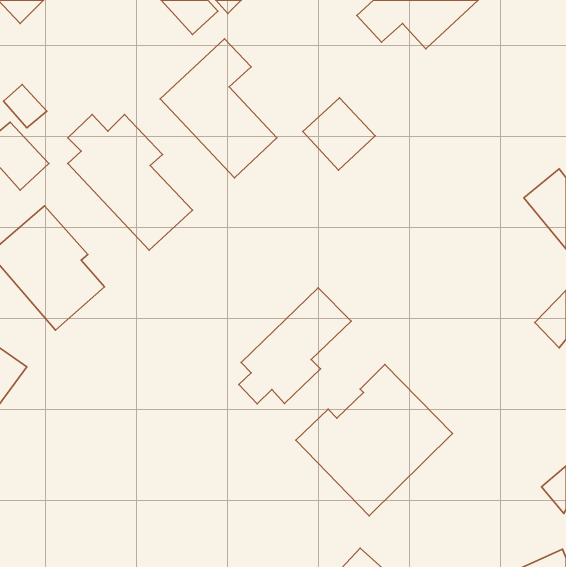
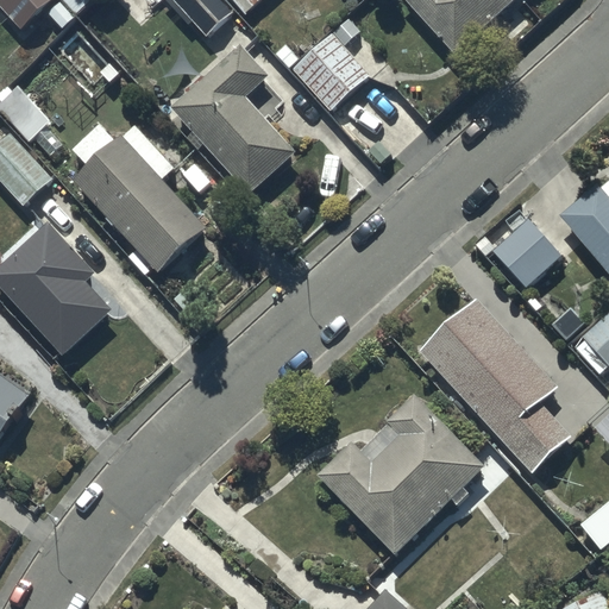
building: [303,98,375,170] -> [293,33,370,111]
building: none -> [491,218,561,288]
building: none -> [417,296,570,472]
building: [239,288,351,404] -> none

